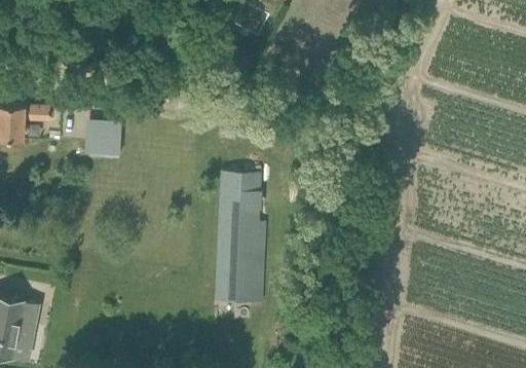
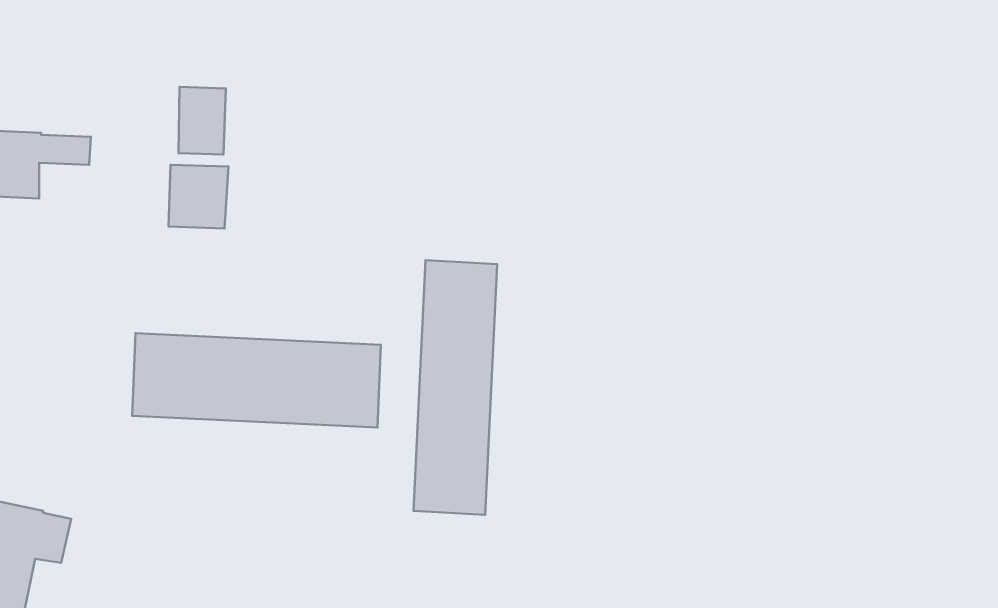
building: none -> [179,87,226,155]
building: none -> [132,333,381,428]

